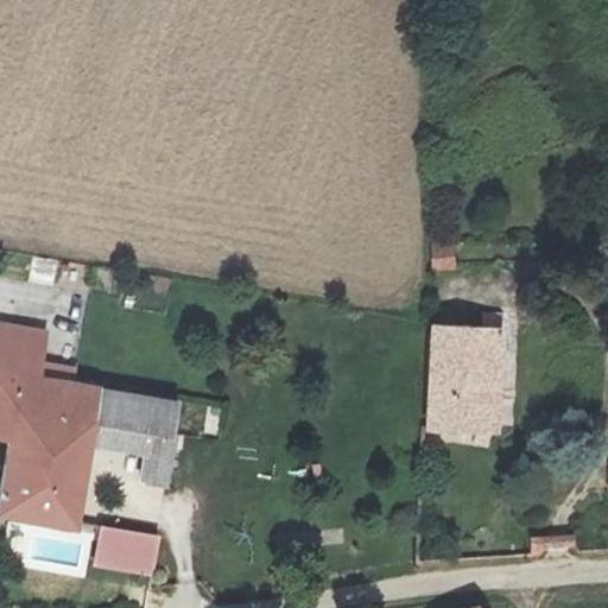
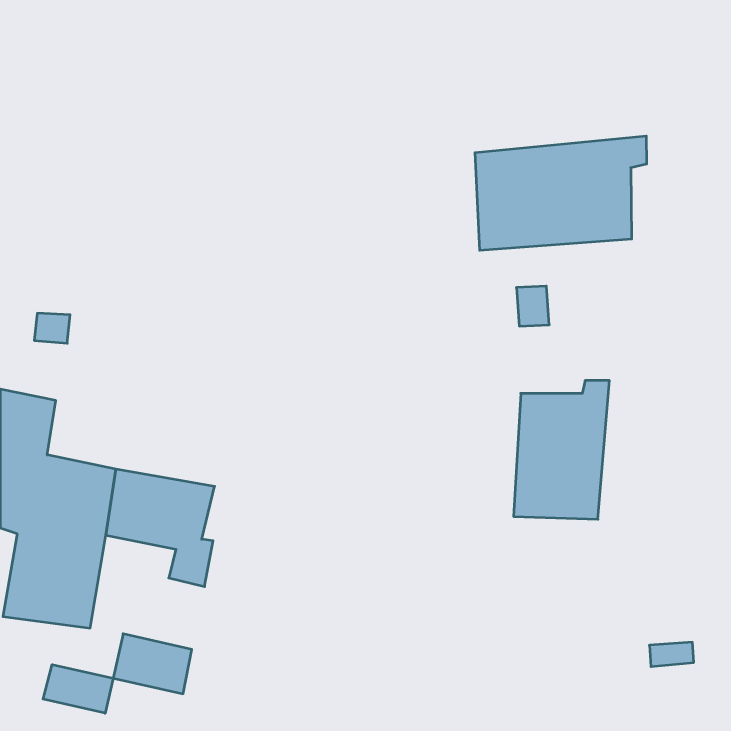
building: none -> [475,136,647,250]
building: none -> [43,665,113,713]

